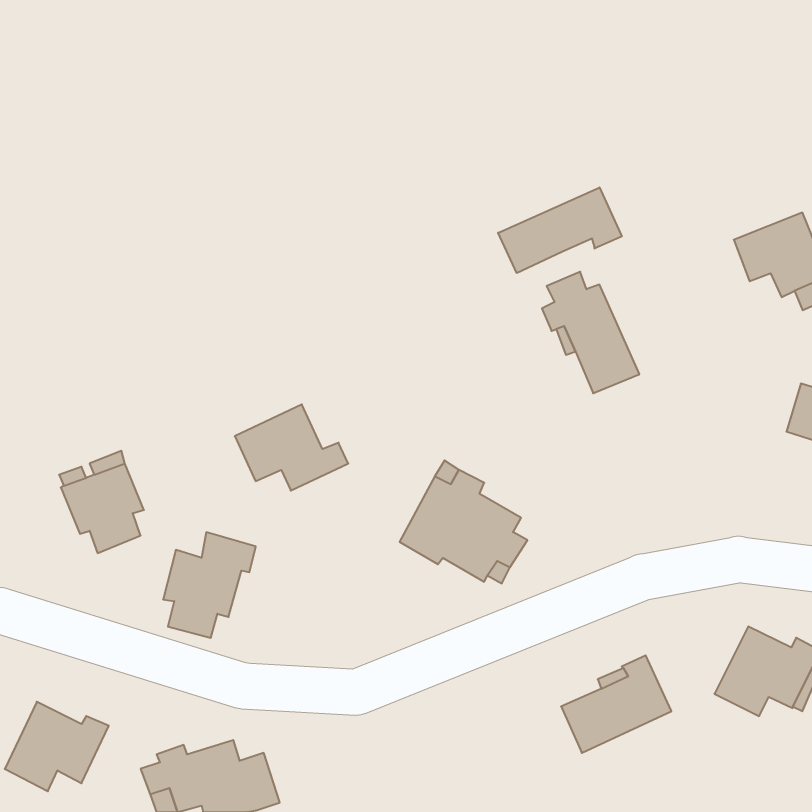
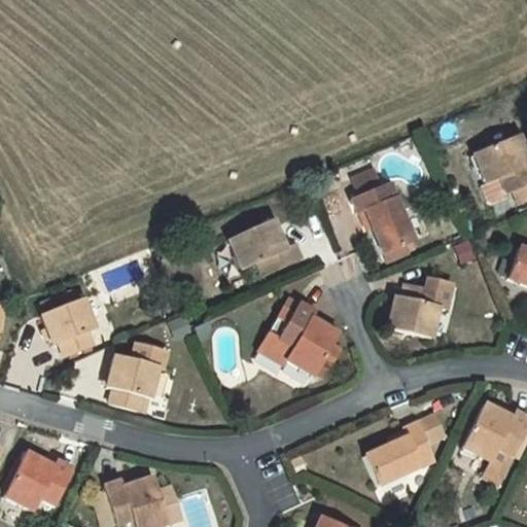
building: [498,187,622,273] -> none
building: [235,404,348,491] -> [230,219,303,275]
building: none -> [388,277,453,338]

